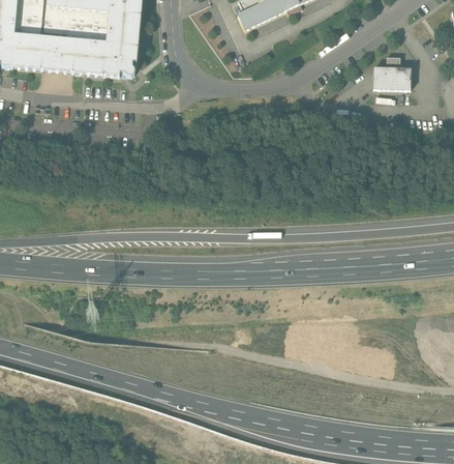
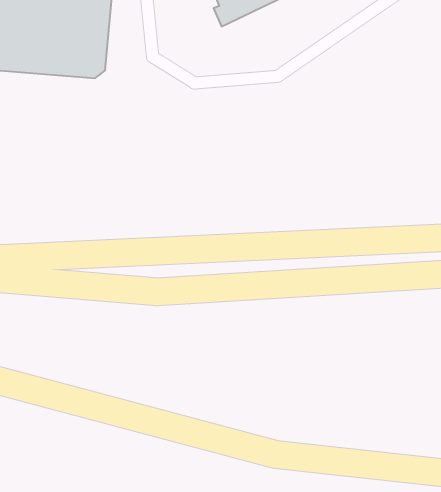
building: [373,56,411,90] -> none

